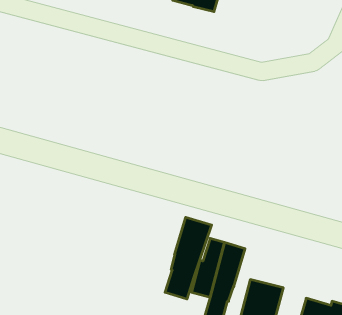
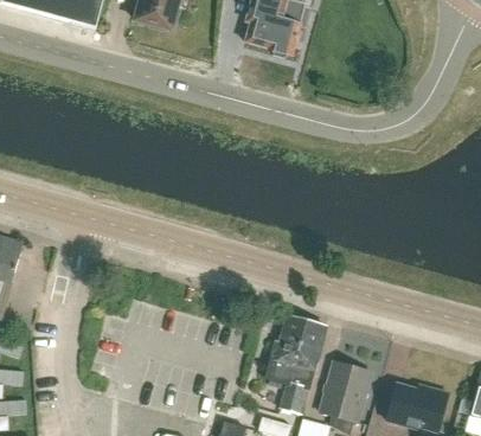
building: [165,217,212,299] -> none

